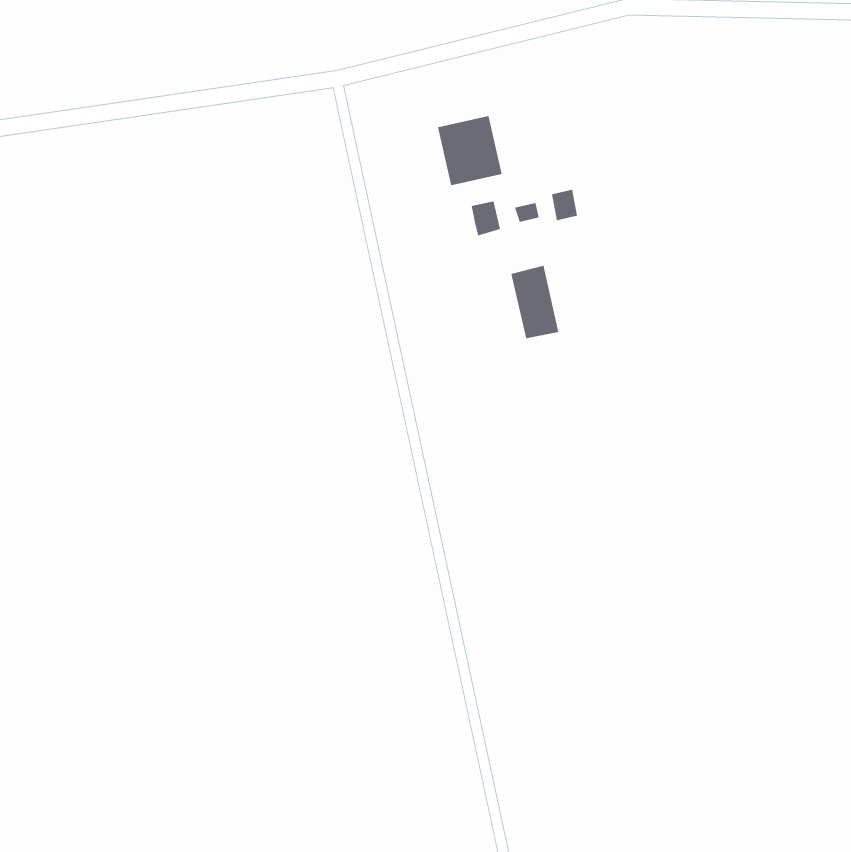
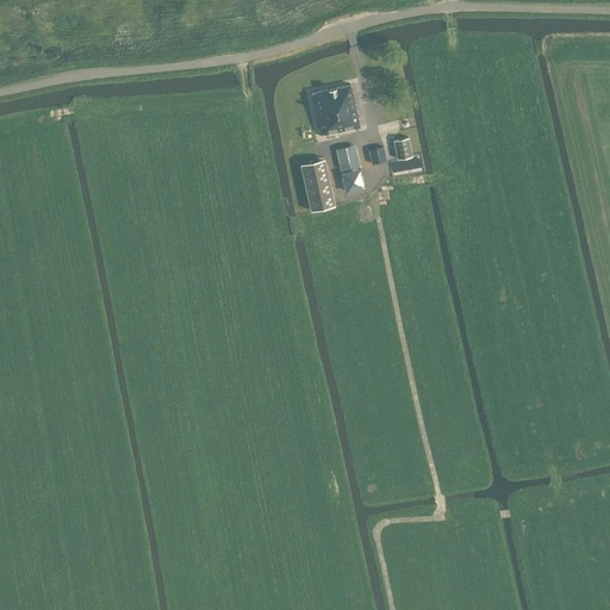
building: [511,265,559,339] -> [298,158,332,211]

